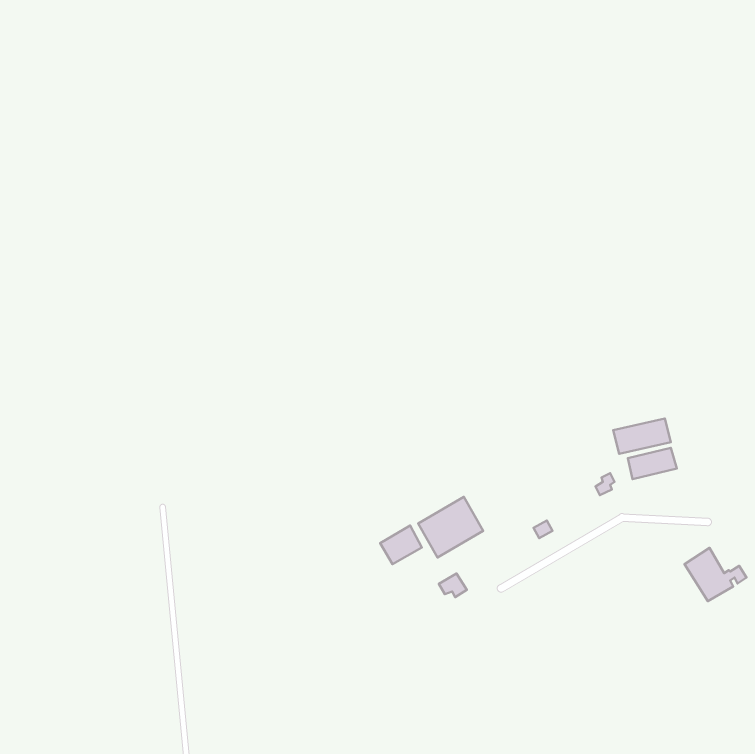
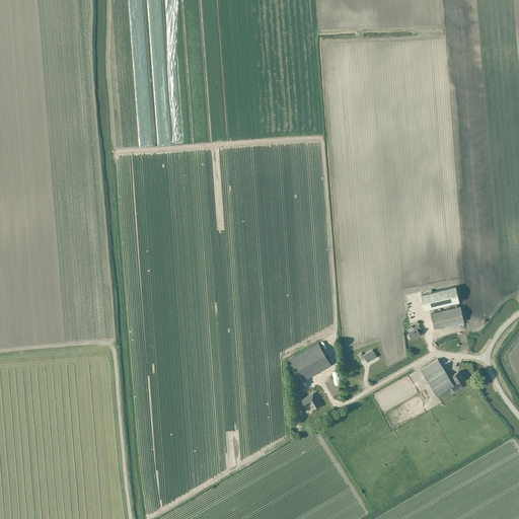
building: [380,526,422,564] -> none
building: [684,548,746,601] -> [421,360,463,396]

